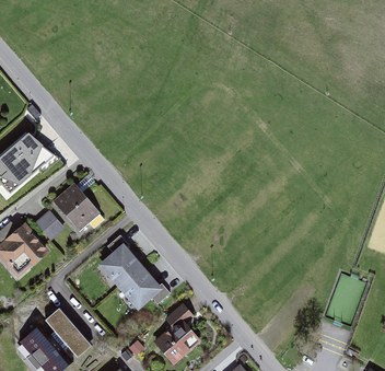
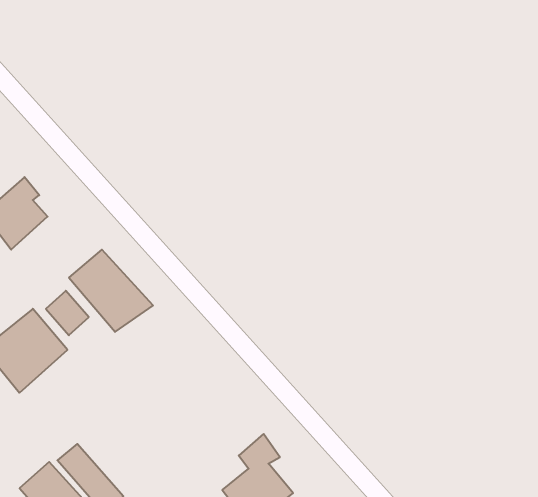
building: [98,246,163,312] -> none

